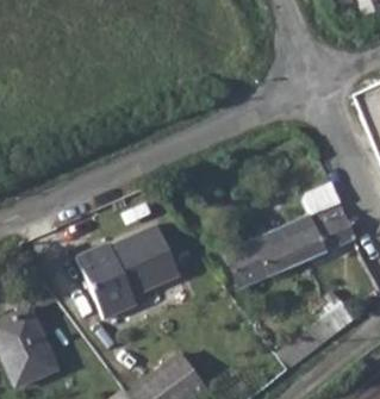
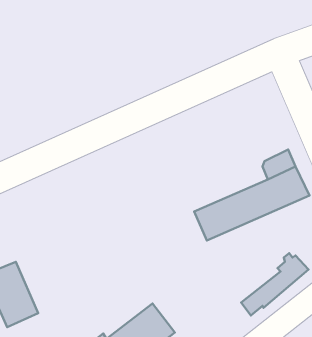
building: [76,227,177,320] -> none

